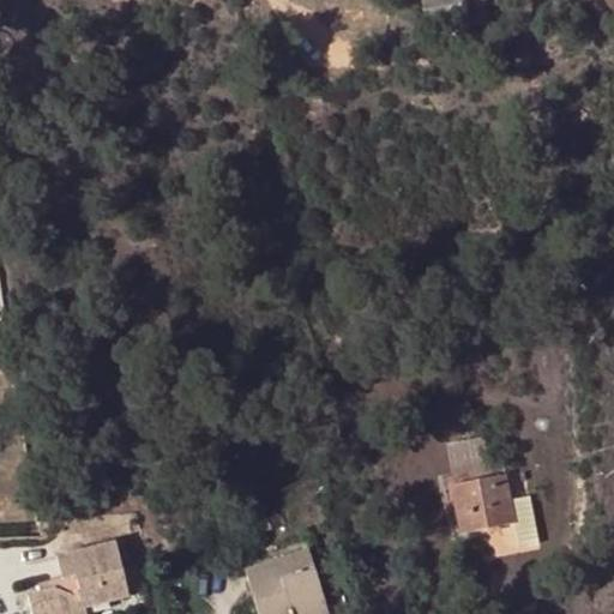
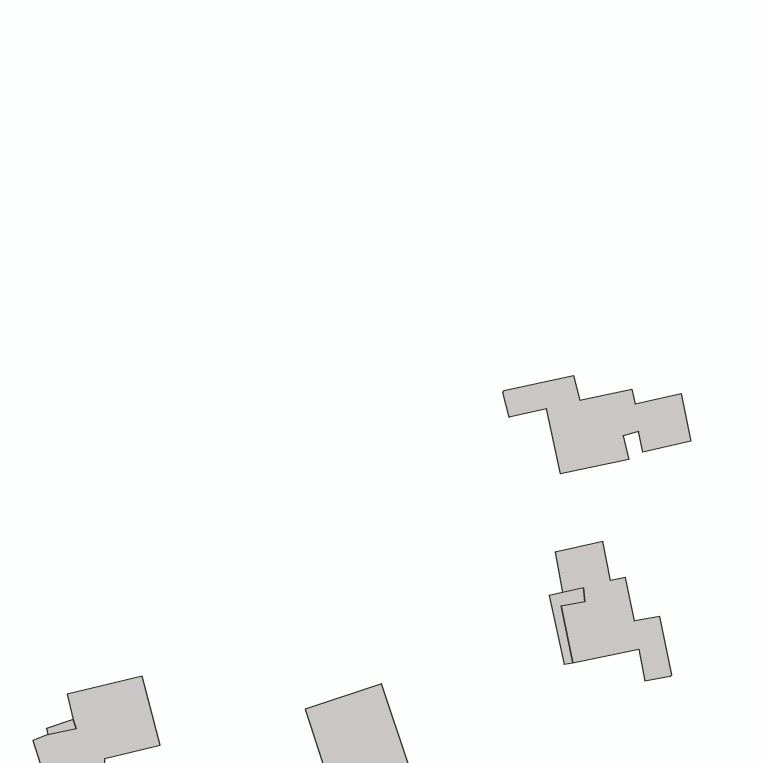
building: none -> [503,376,691,474]

